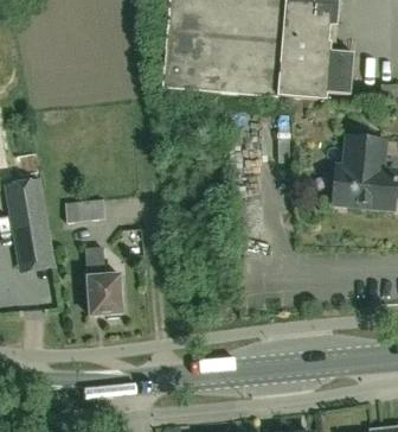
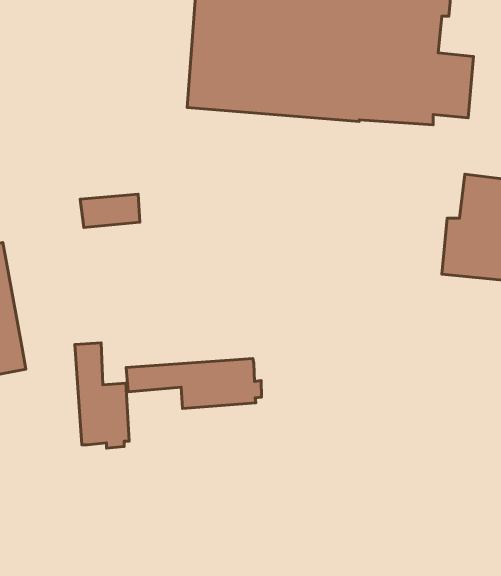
building: [65,197,105,220] -> [80,194,140,227]
building: none -> [126,359,262,408]

